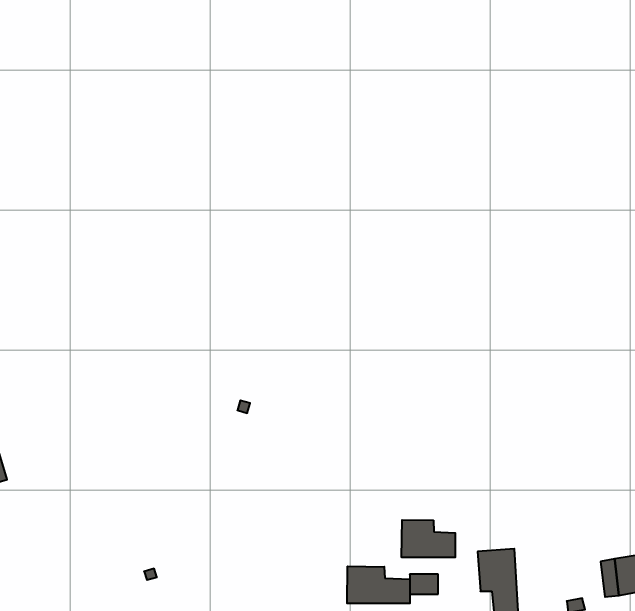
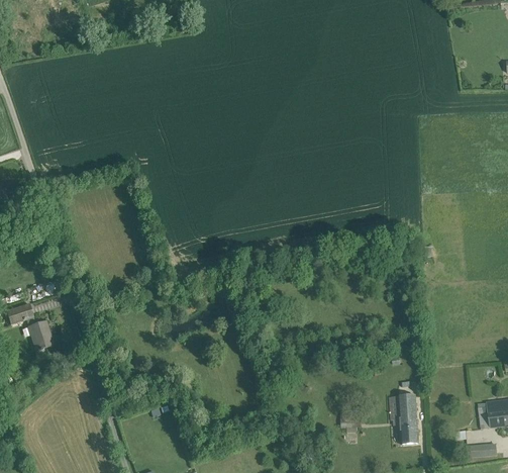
building: [402,520,455,557] -> none
building: [347,566,410,603] -> none

